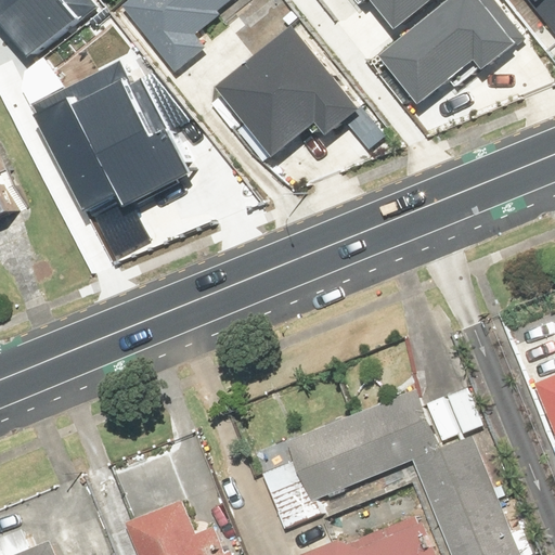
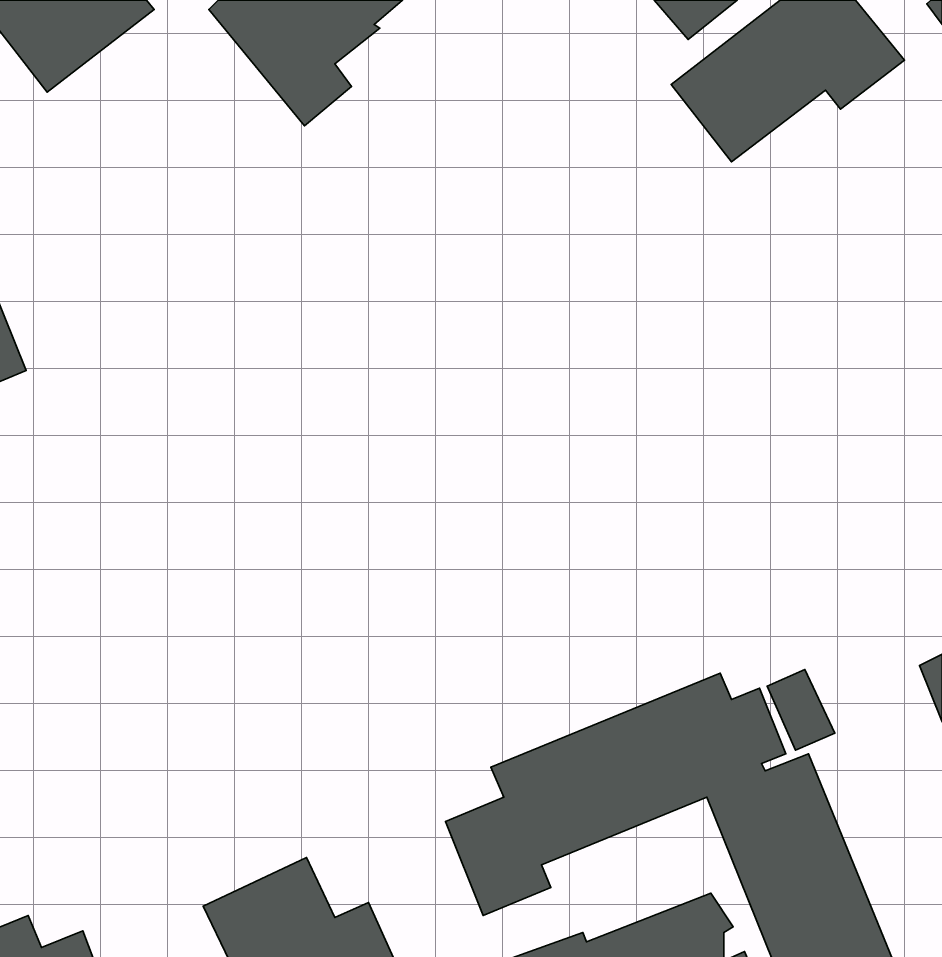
building: [214,24,366,159] -> none
building: [30,62,190,208] -> none

